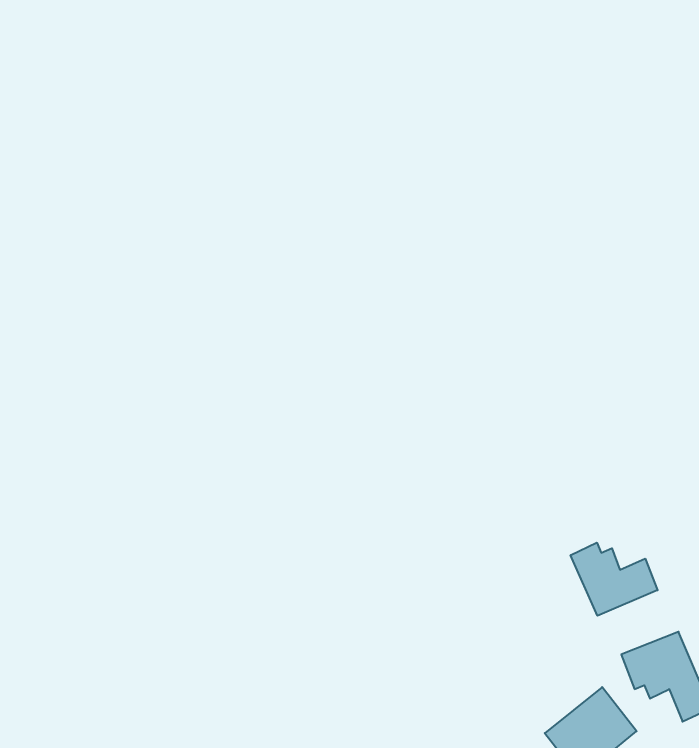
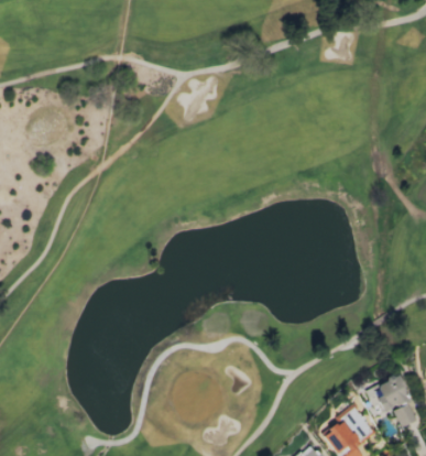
building: [571,543,658,616] -> none

